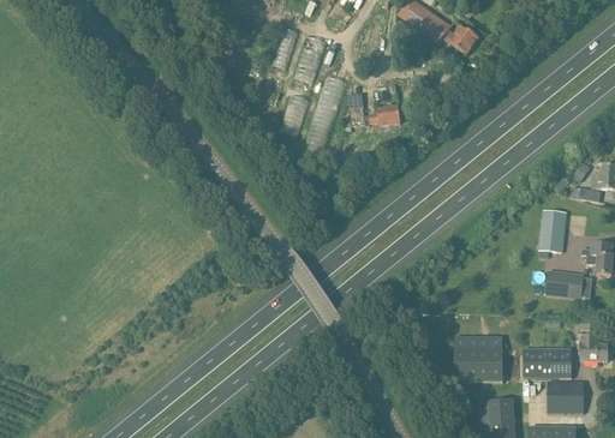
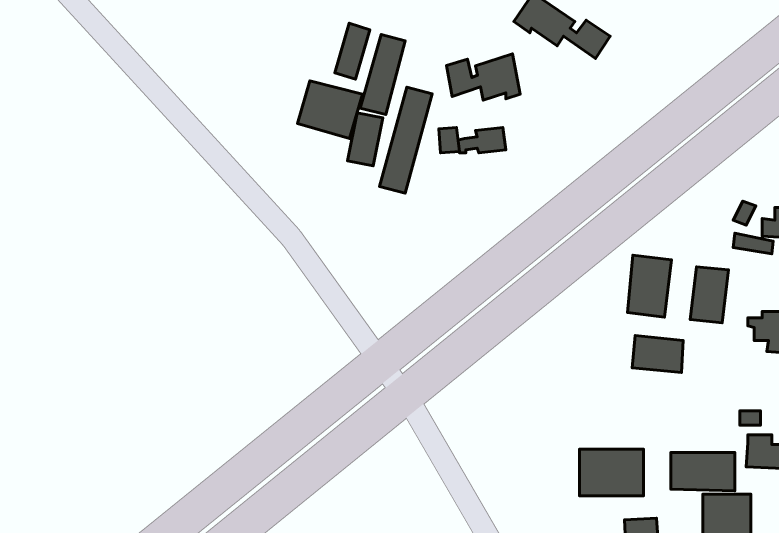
building: none -> [446,54,520,100]
building: none -> [298,81,362,139]
building: none -> [627,255,671,317]
building: [545,269,584,296] -> [632,336,683,372]

